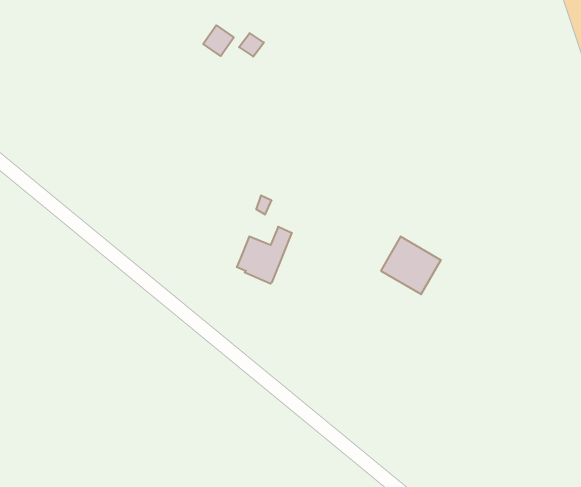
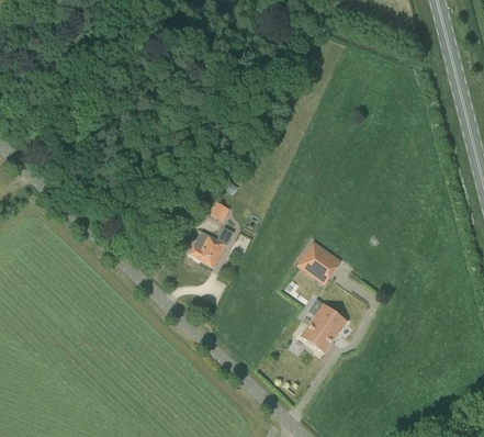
building: none -> [301,304,347,354]

